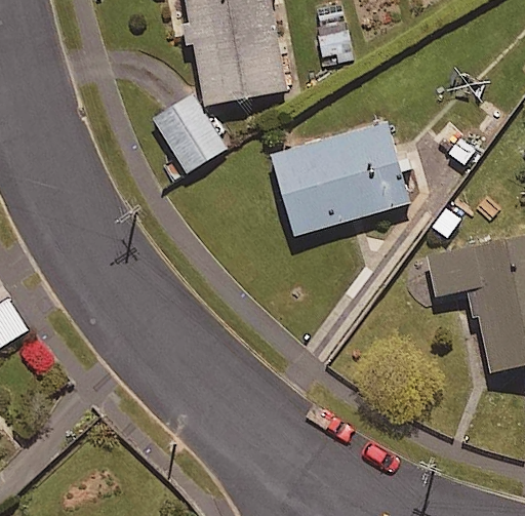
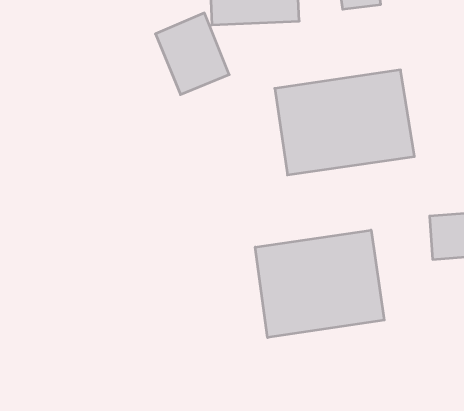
building: none -> [255,230,384,338]

